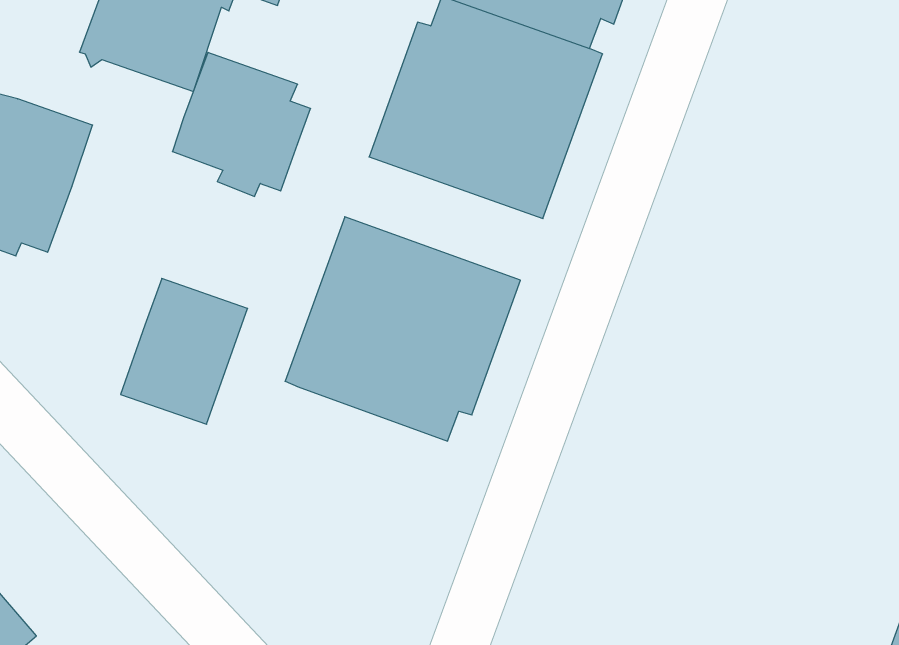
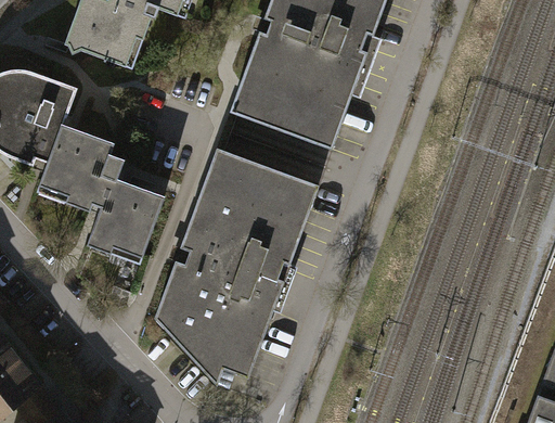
building: [172,52,311,196] -> [40,125,120,208]
building: none -> [157,241,285,381]

